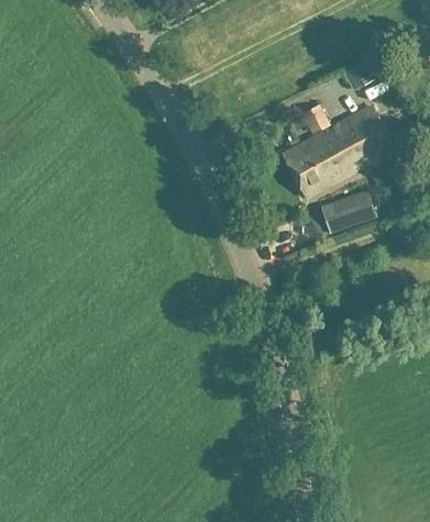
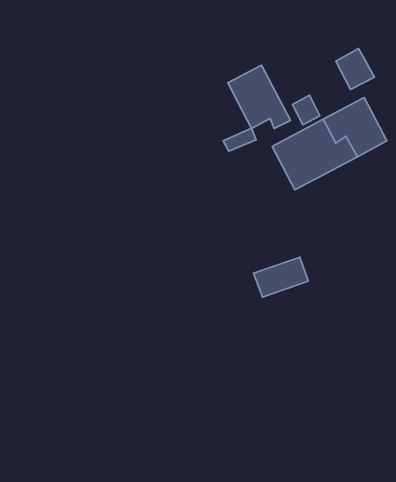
building: none -> [228,65,291,129]
building: [323,190,376,229] -> [254,257,308,297]

